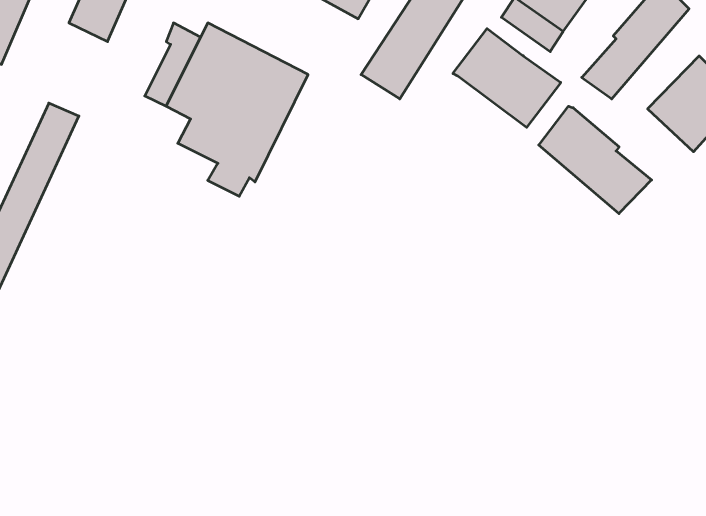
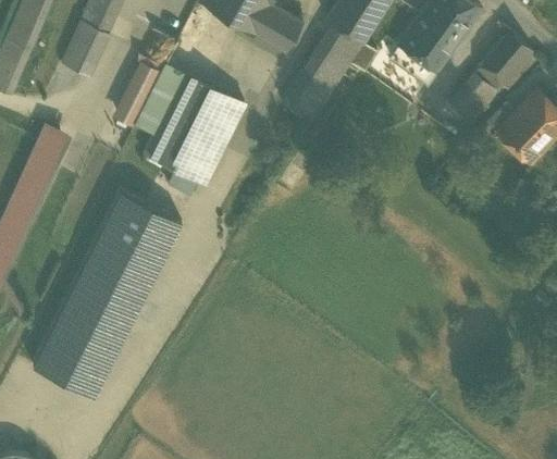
building: [453,29,561,127] -> none
building: [539,106,652,214] -> none
building: none -> [35,191,182,396]

